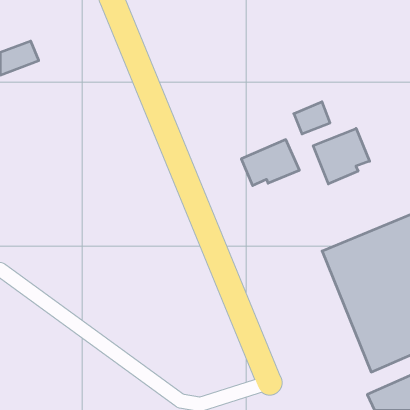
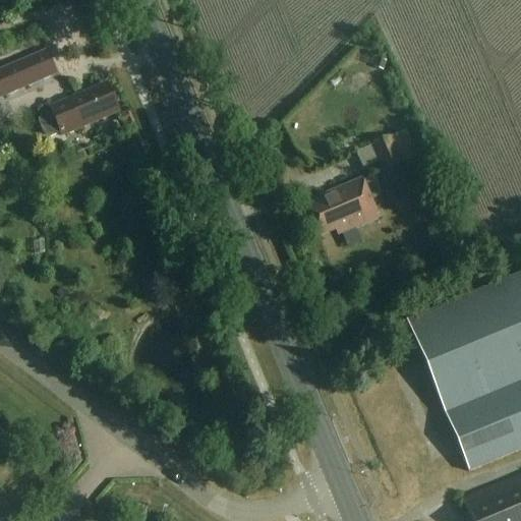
building: none -> [41,80,122,135]
building: [313,128,370,184] -> none

